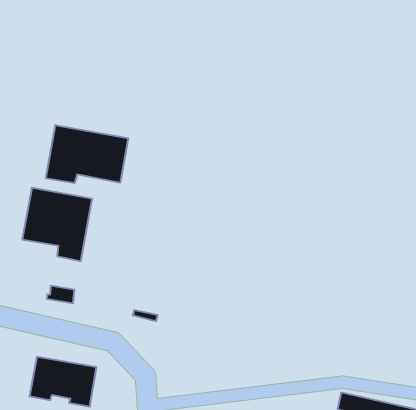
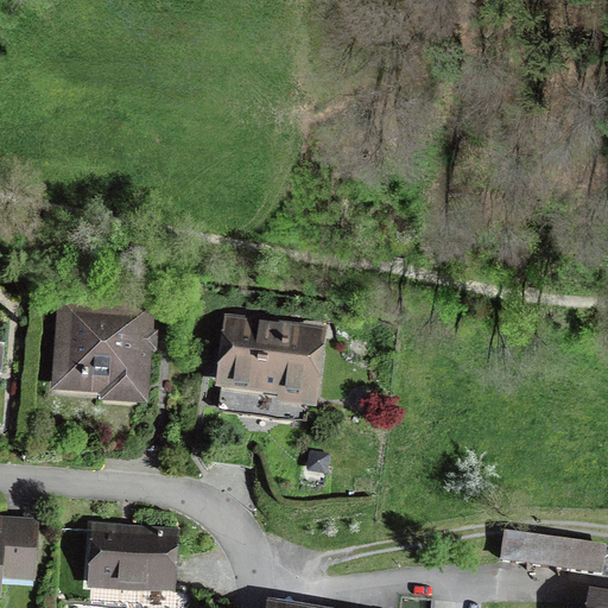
building: [46,125,128,183] -> none
building: none -> [222,322,317,417]

